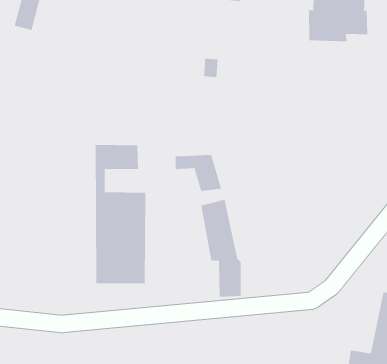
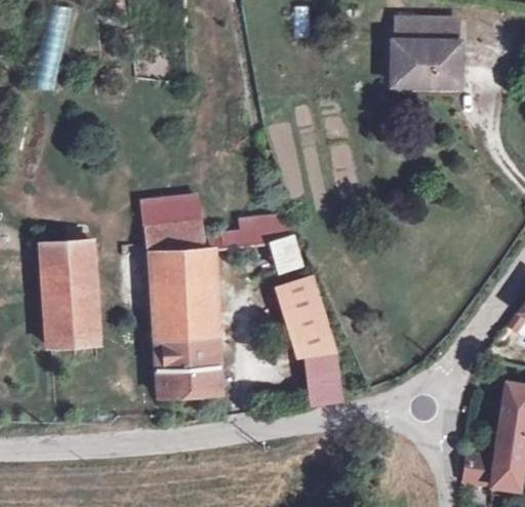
building: none -> [143,199,198,227]
building: none -> [40,241,93,347]
building: none -> [160,254,212,284]

